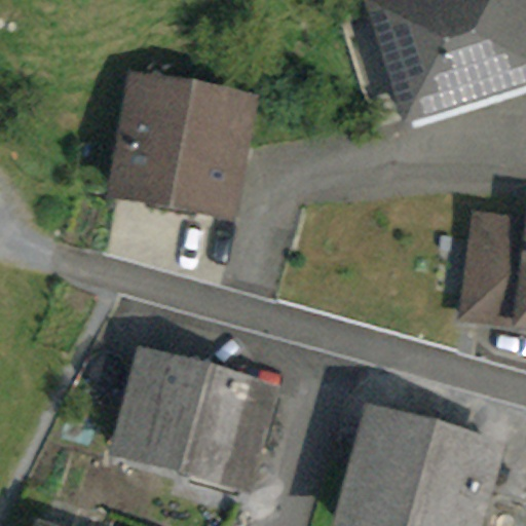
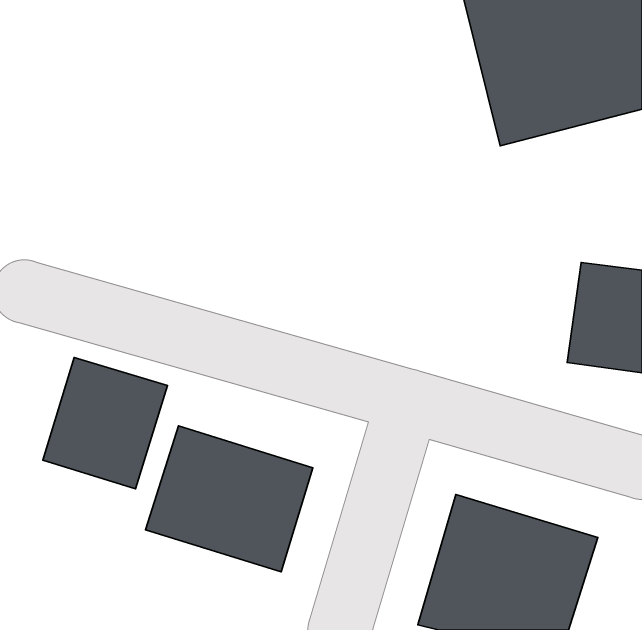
building: [107,74,256,222] -> none
building: none -> [43,357,167,489]

